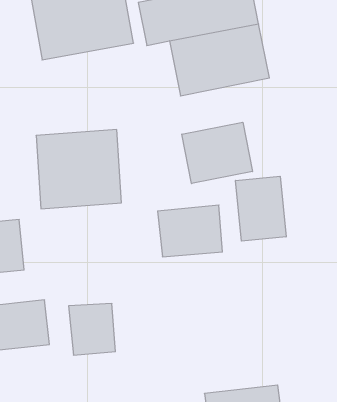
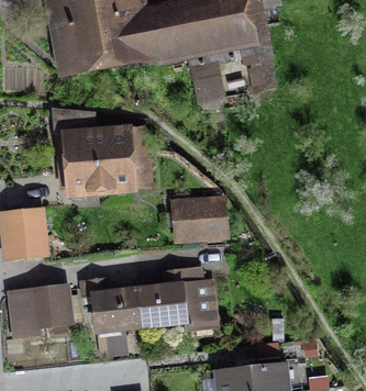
building: [182,122,252,184] -> none
building: [236,176,286,241] -> none
building: none -> [130,279,214,329]

